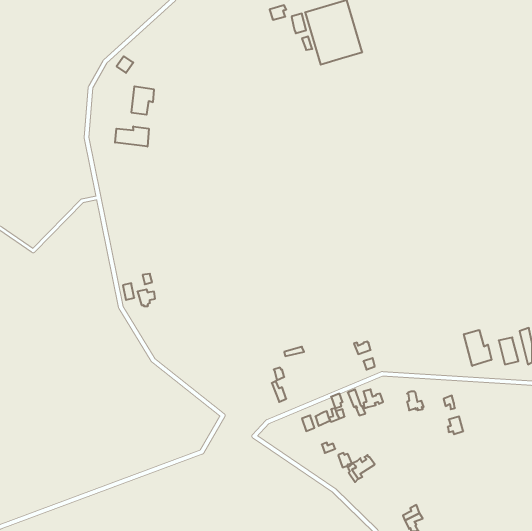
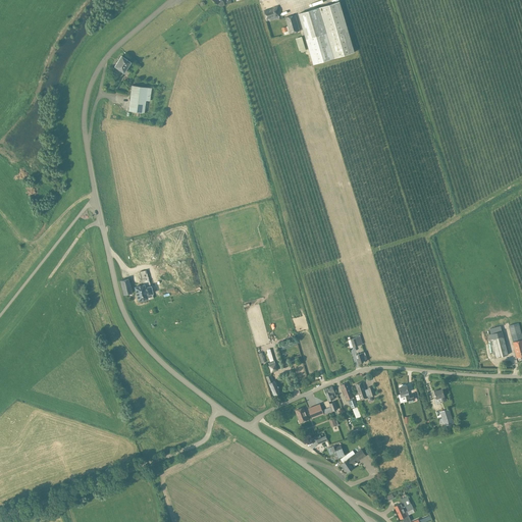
building: [115,126,149,147] -> none
building: [464,330,491,366] -> none

